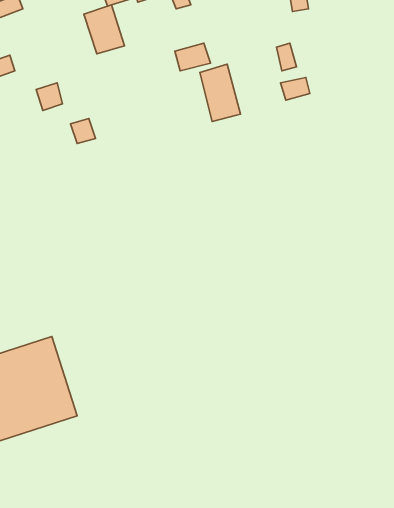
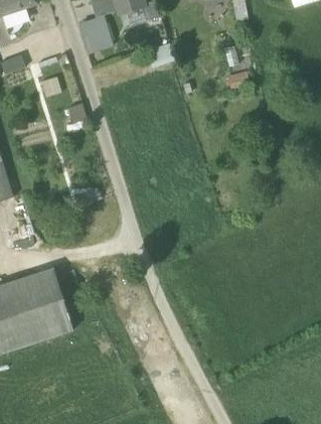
building: [200,64,241,121] -> none

